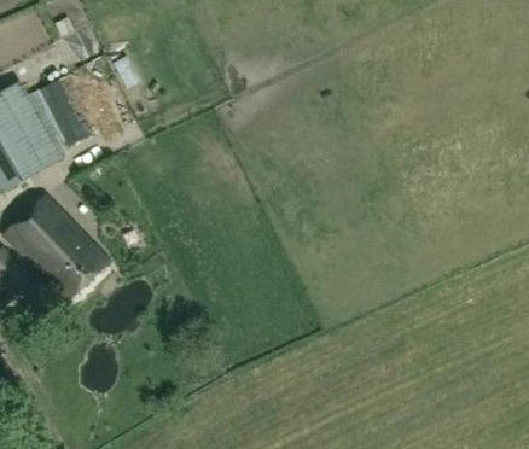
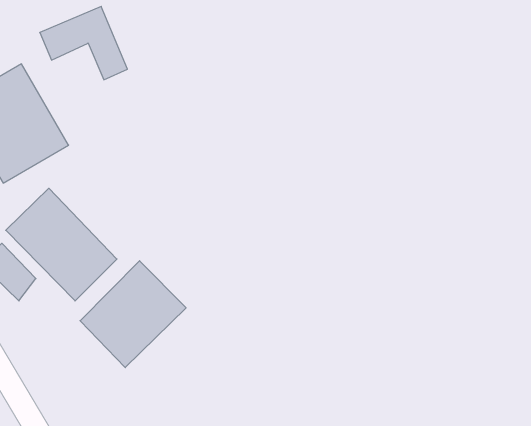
building: [42,76,89,142] -> none
building: none -> [80,261,186,368]

